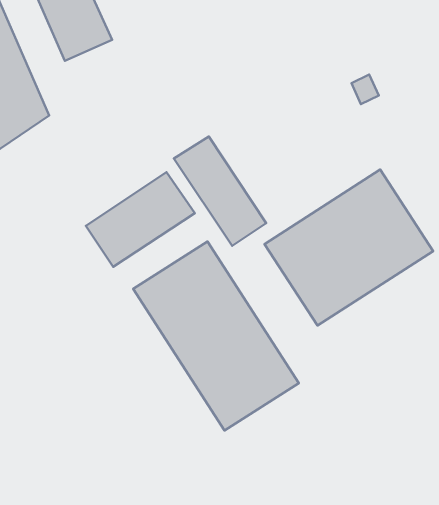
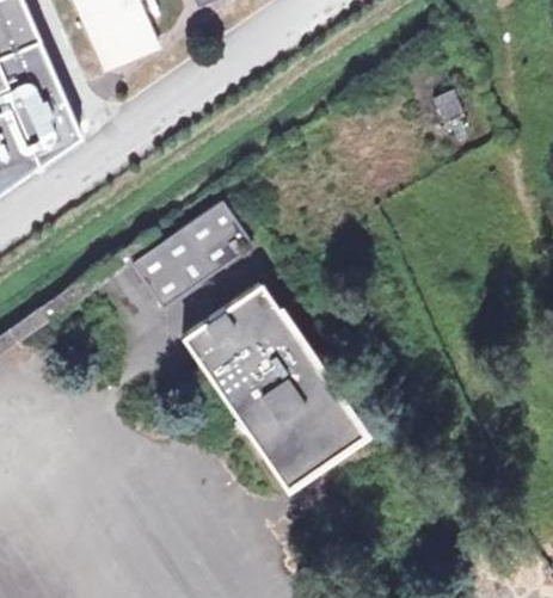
building: [174,137,266,246] -> none
building: [264,169,433,326] -> none

